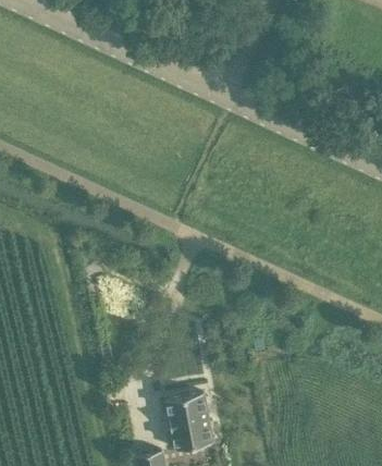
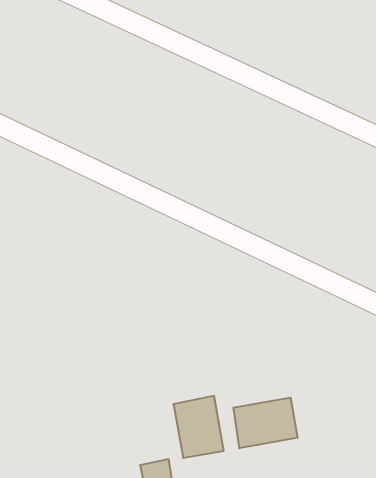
building: none -> [234,398,297,448]

